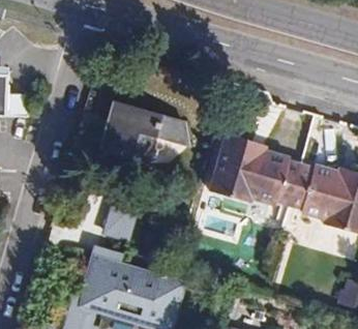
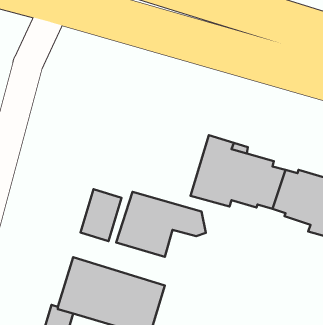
building: [95,103,181,166] -> [116,192,206,257]

